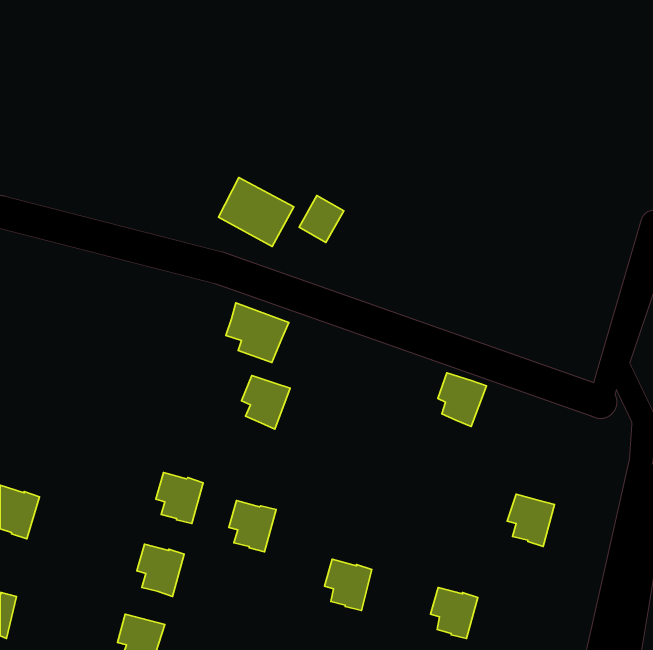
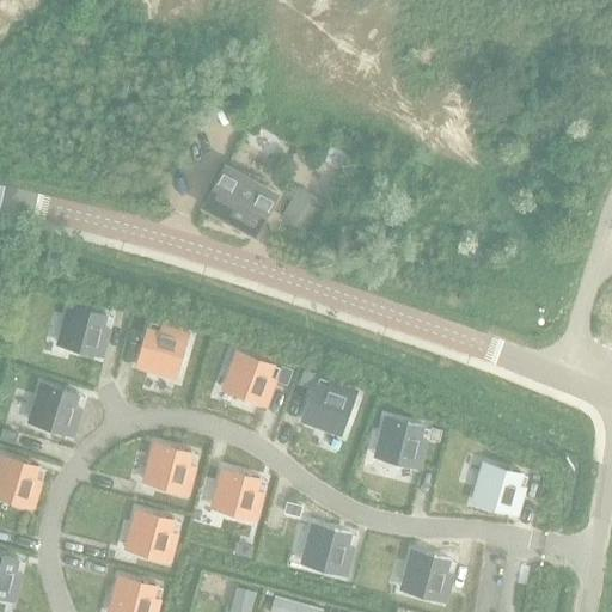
building: [226,303,289,362] -> none
building: none -> [60,307,104,355]
building: none -> [136,331,185,375]
building: [438,373,486,427] -> [380,417,426,467]
building: none -> [32,385,76,434]
building: none -> [302,386,353,432]

